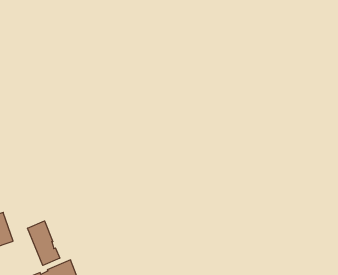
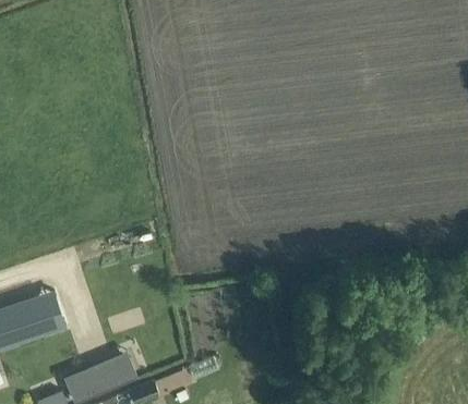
building: [28,221,60,265] -> none

